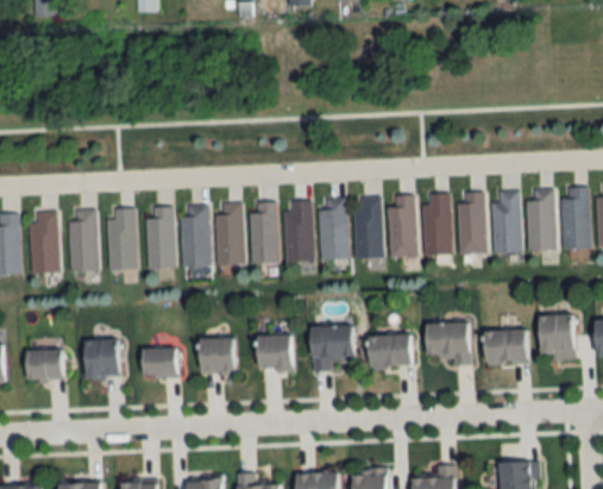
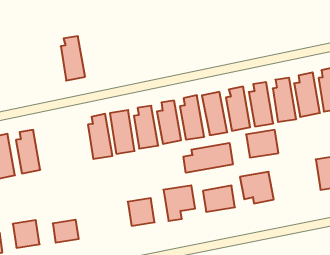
building: [182,203,211,265] -> [61,36,85,81]
building: [147,207,175,268] -> none
building: none -> [184,143,233,173]
building: [484,330,527,364] -> [246,130,278,157]
building: [200,339,235,374] -> none

